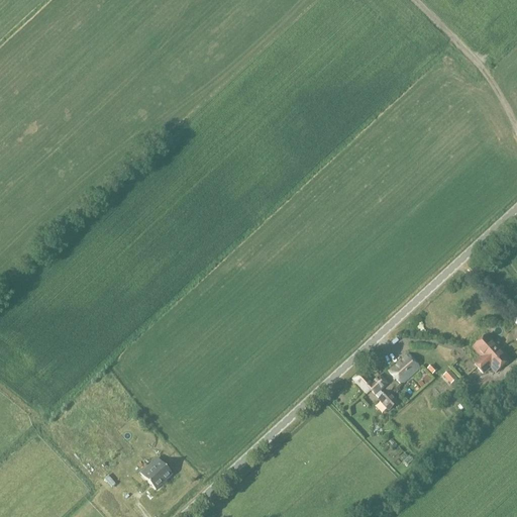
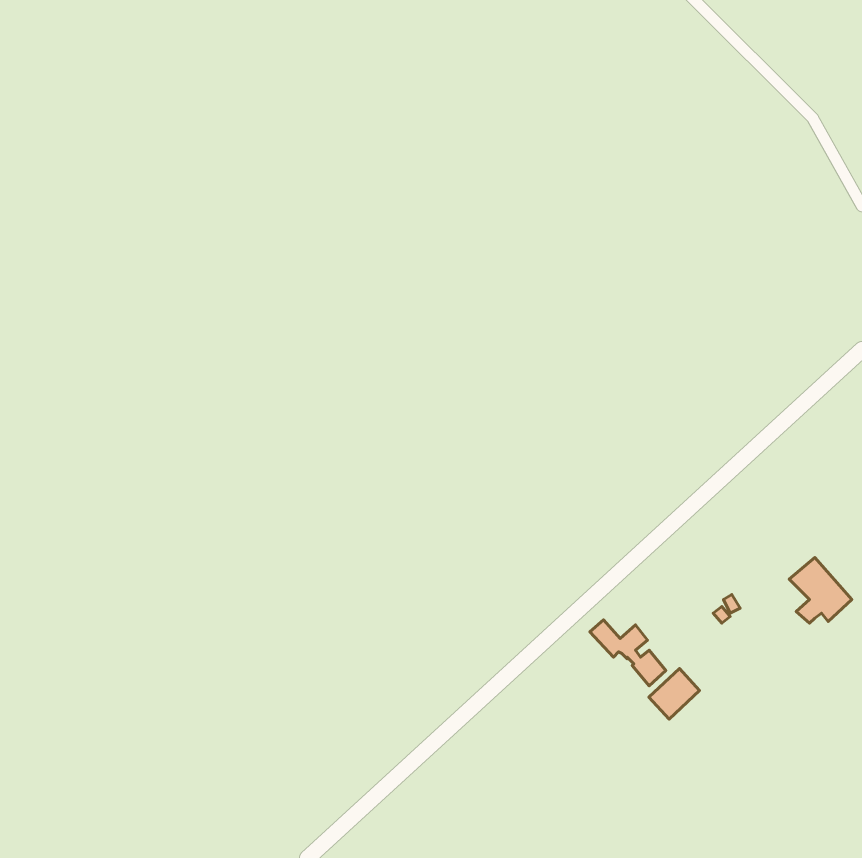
building: [389,352,419,383] -> [649,668,700,719]
building: [139,460,172,489] -> none

